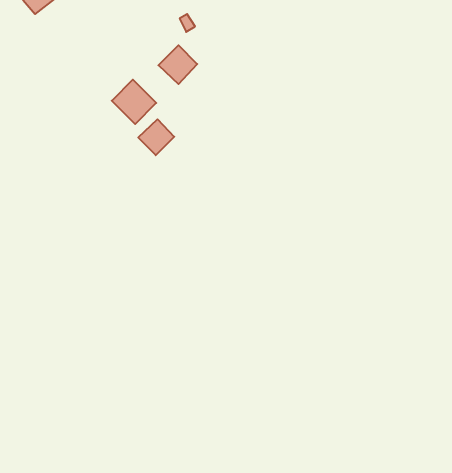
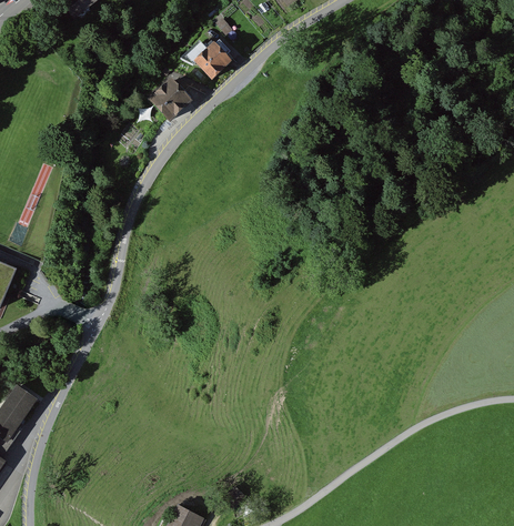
building: [138,119,174,155] -> none

